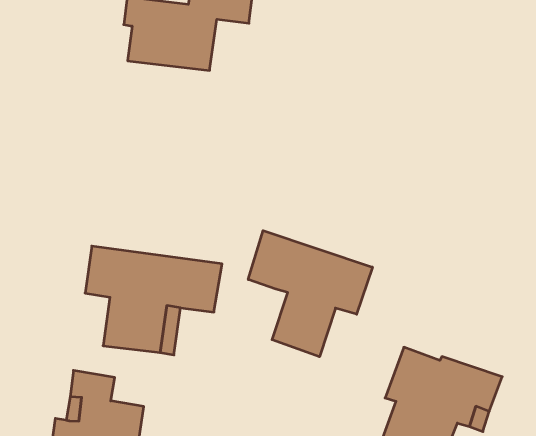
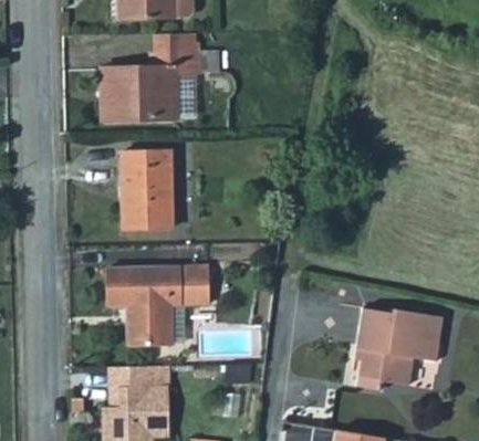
building: none -> [121,150,173,229]
building: [248,231,372,357] -> none

